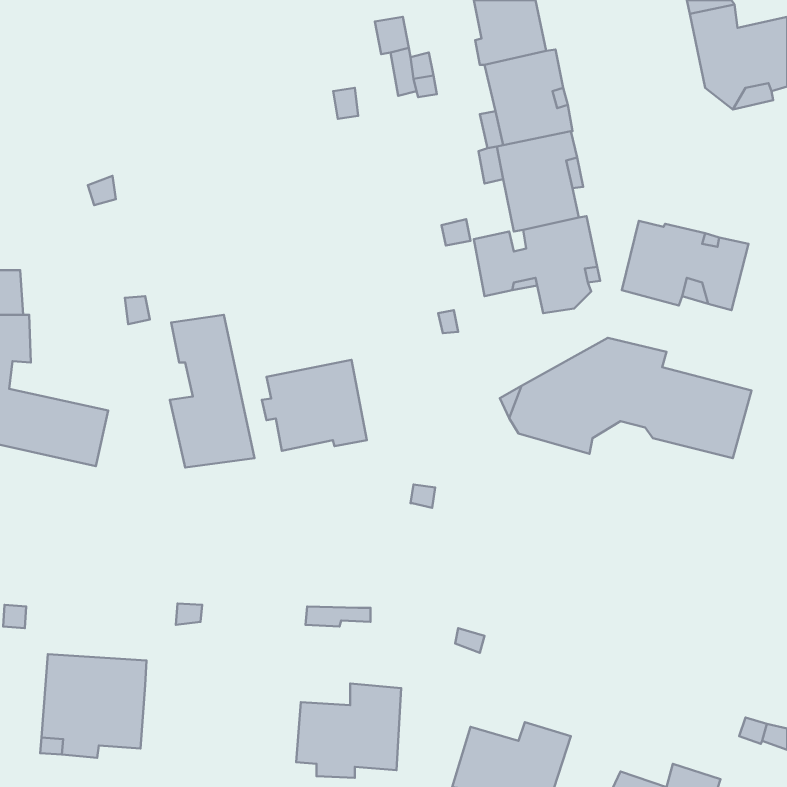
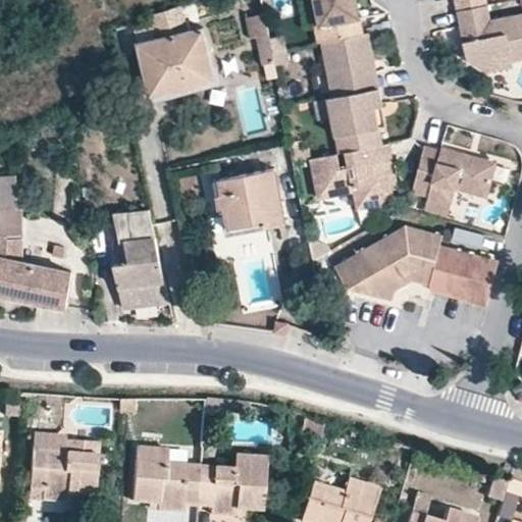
building: none -> [139,31,214,96]
building: [262,360,367,451] -> [215,169,284,229]
building: none -> [130,447,199,512]

